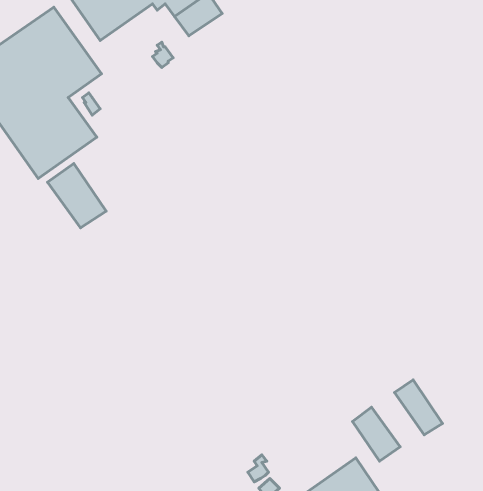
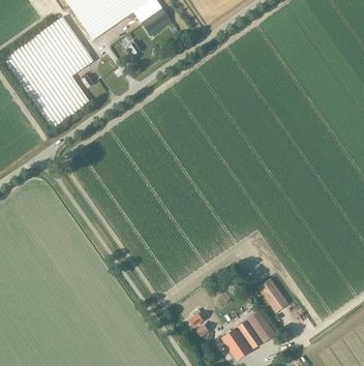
building: [48,163,106,228] -> none
building: [395,380,442,435] -> none

